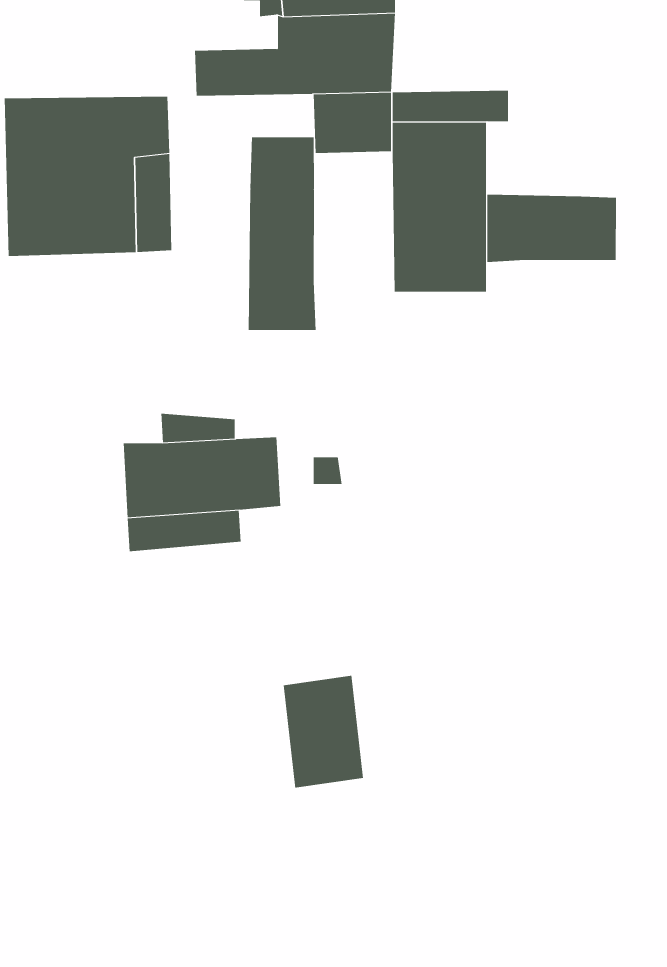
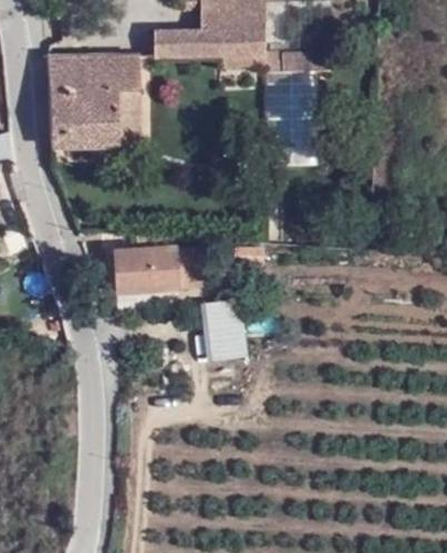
building: [248,137,316,331] -> none
building: [487,194,616,263] -> none
building: [283,675,364,788] -> [201,296,247,359]

